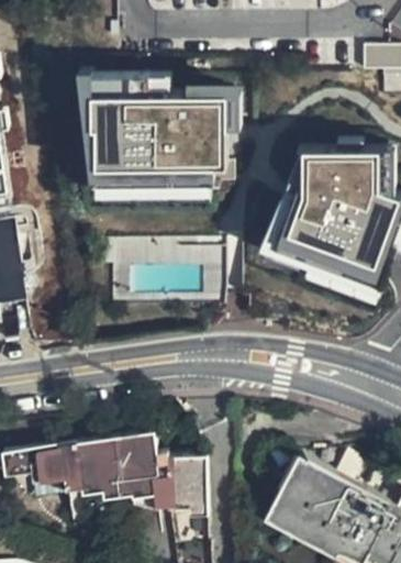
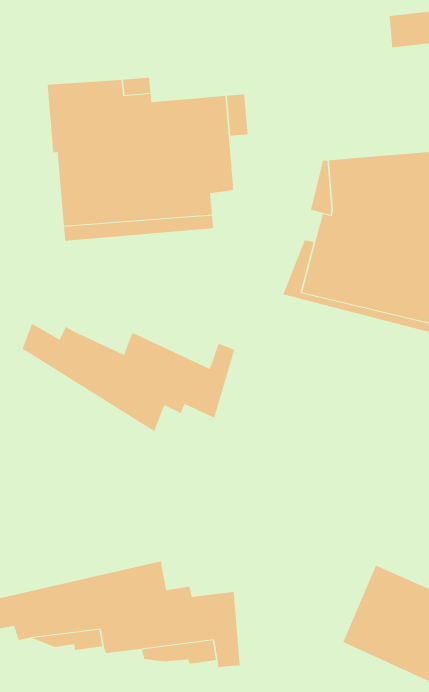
building: none -> [22,323,235,432]

